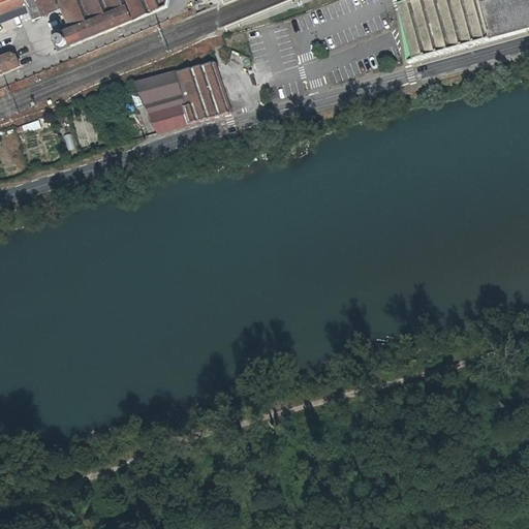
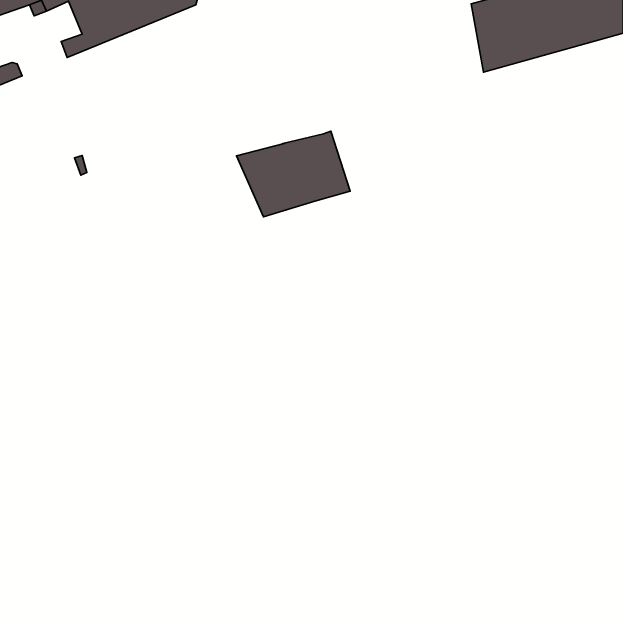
building: [134,59,230,131] -> [236,131,350,217]

